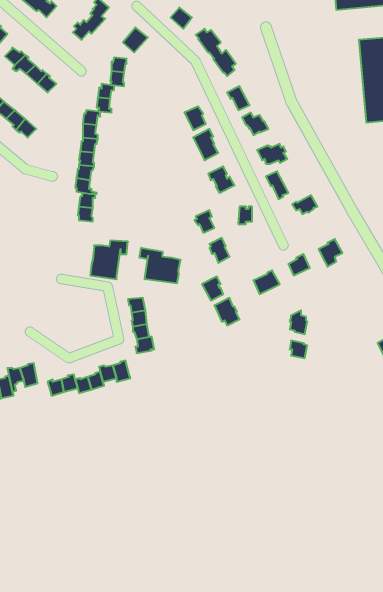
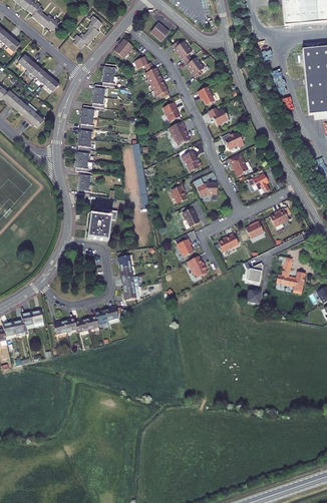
building: none -> [133,55,169,97]
building: [139,248,180,283] -> none
building: none -> [276,257,306,293]

